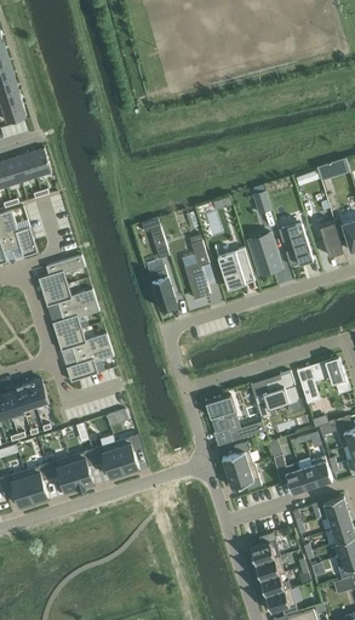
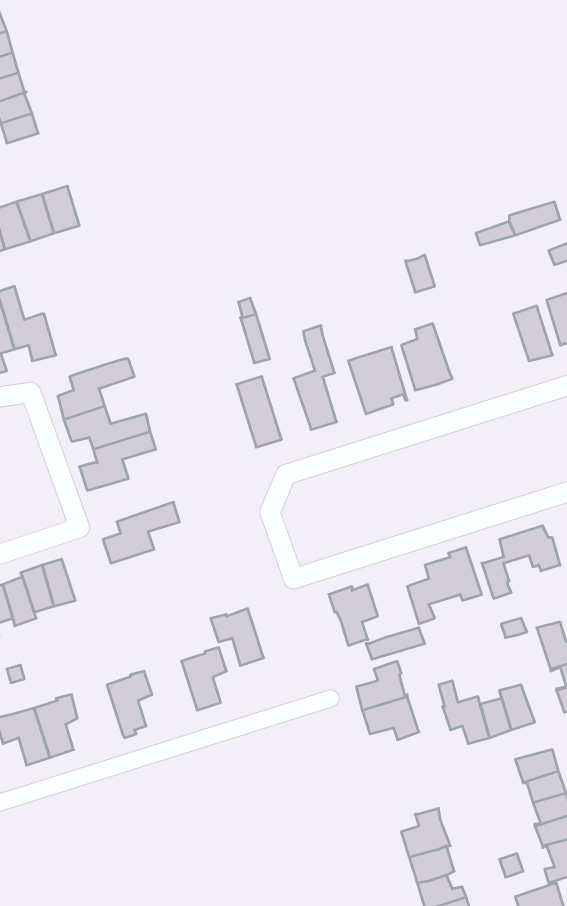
building: [277,223,313,267] -> none
building: [56,330,109,357] -> none
building: [91,443,124,478] -> [211,609,264,666]
building: [46,457,78,493] -> none

